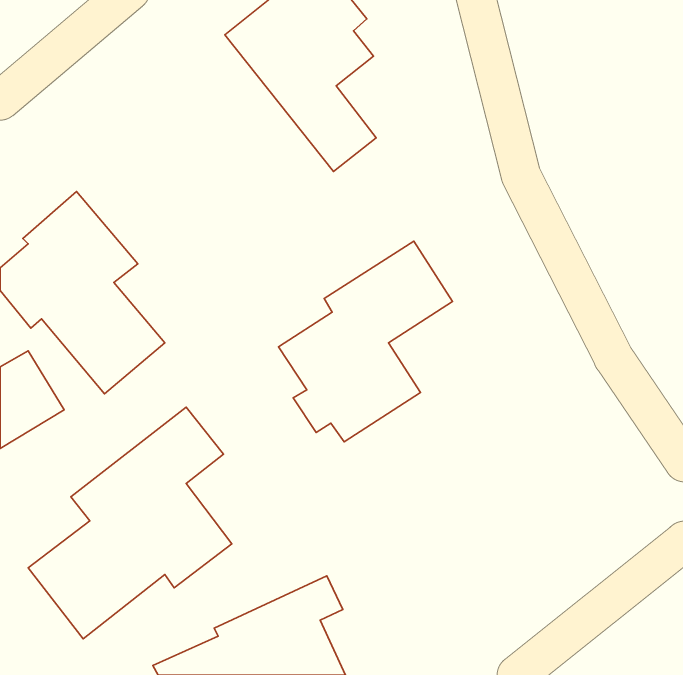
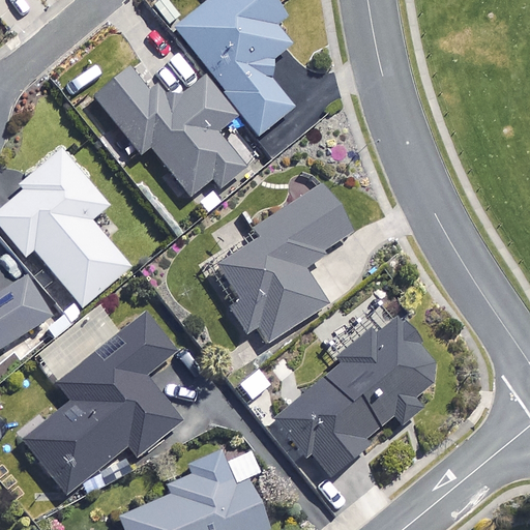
building: none -> [94,68,245,196]
building: none -> [273,310,440,480]

